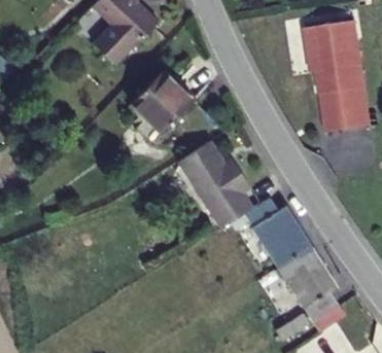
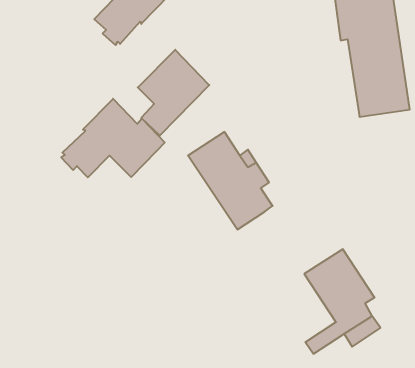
building: none -> [61,99,165,177]
building: [243,197,312,267] -> none

